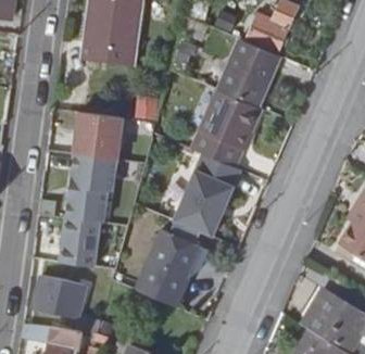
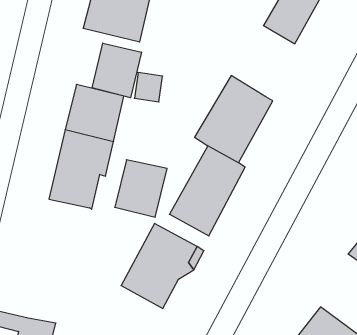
building: [214,37,275,105] -> none
building: none -> [92,43,141,98]
building: [56,218,101,268] -> [115,160,167,217]
building: [34,278,101,334] -> none

